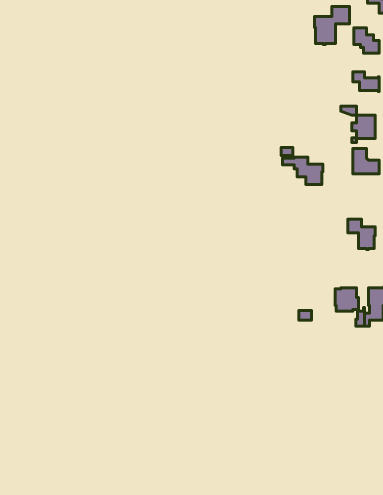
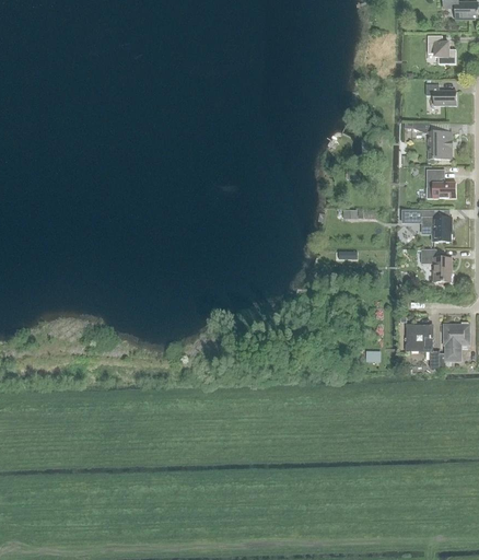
building: [314,7,349,45] -> none
building: [282,157,323,185] -> [406,209,451,240]

